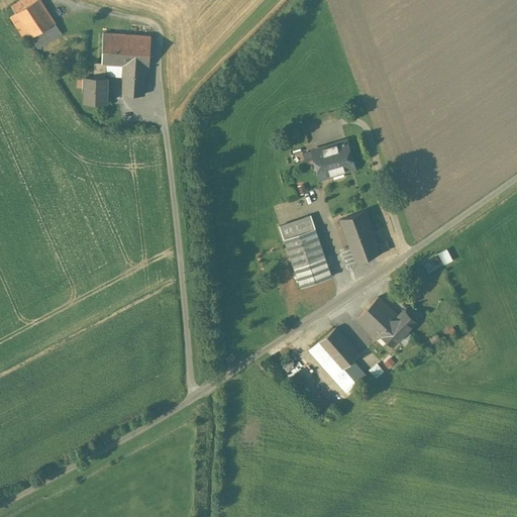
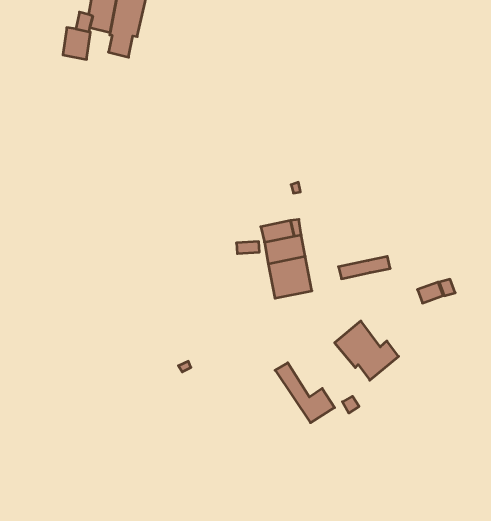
building: [302,142,351,178] -> none
building: [340,211,377,252] -> none
building: [319,328,358,370] -> none

